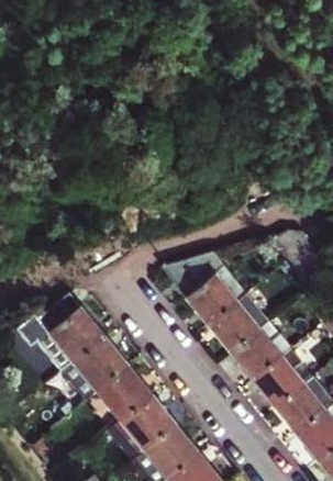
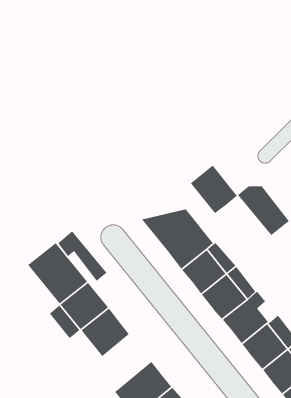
building: none -> [190,165,238,214]
building: [19,318,75,376] -> [57,230,108,282]
building: [108,399,177,465] -> none

